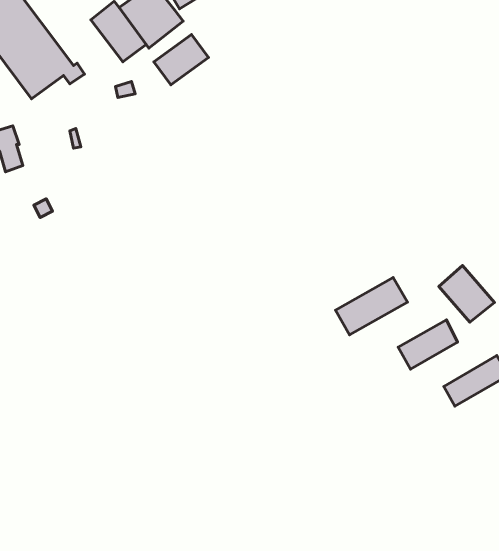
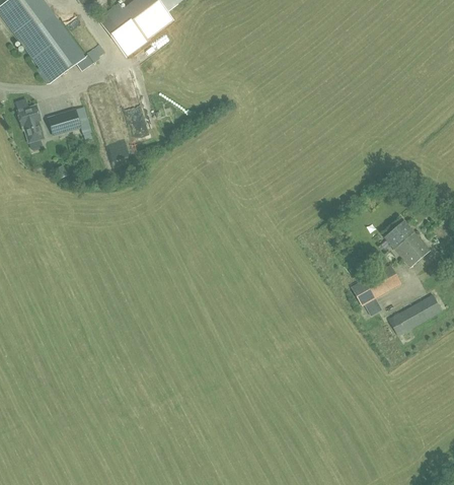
building: [154,34,208,85] -> none
building: none -> [48,109,80,135]
building: [335,278,407,335] -> none

